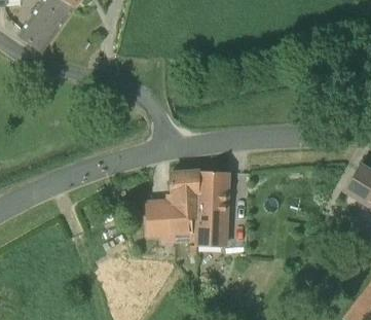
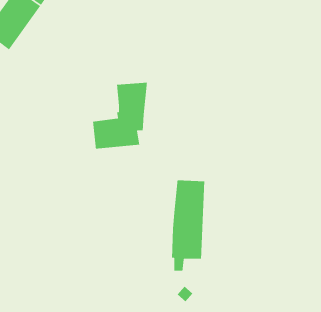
building: [149,171,201,235] -> [92,82,148,150]

